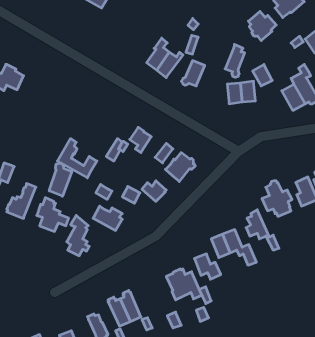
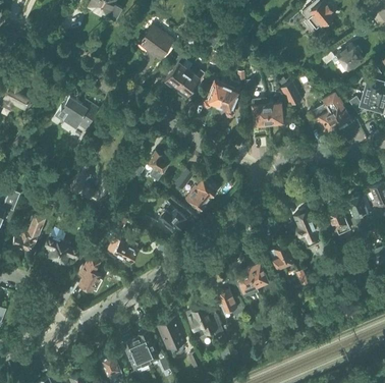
building: none -> [140,24,174,59]
building: [248,11,276,41] -> none
building: [225,44,245,77] -> [219,79,240,115]
building: none -> [55,96,99,128]
building: [49,163,72,196] -> none
building: none -> [158,318,185,348]

